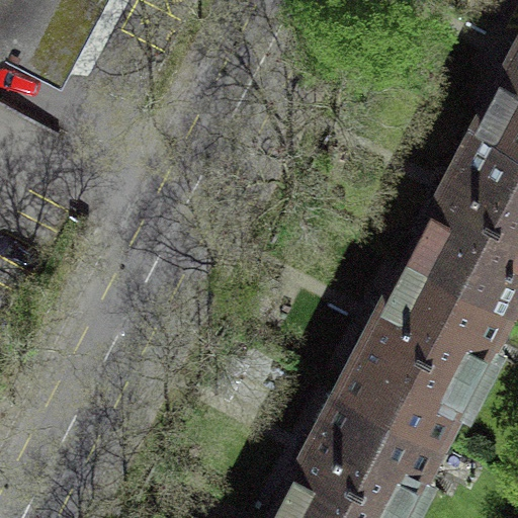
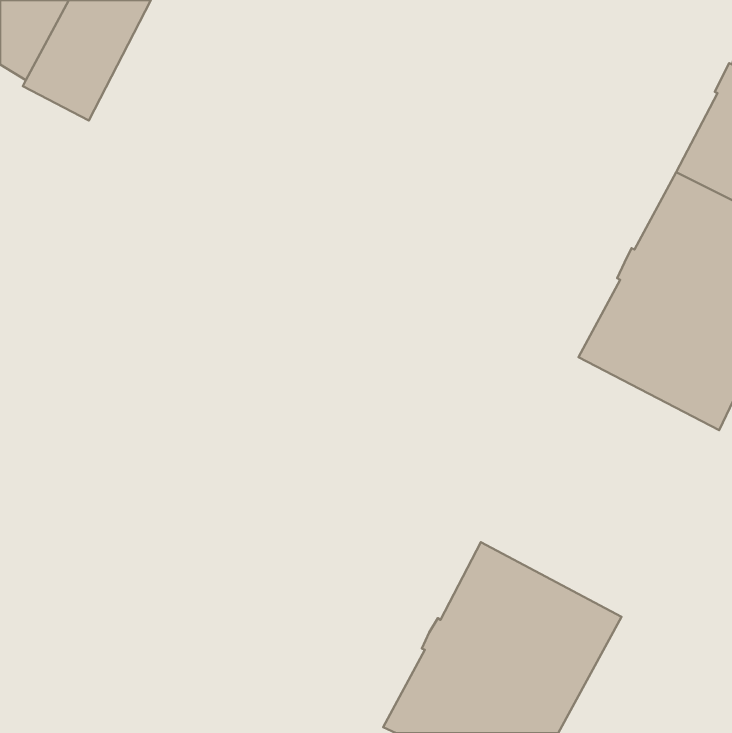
building: [340,252,508,435] -> none

